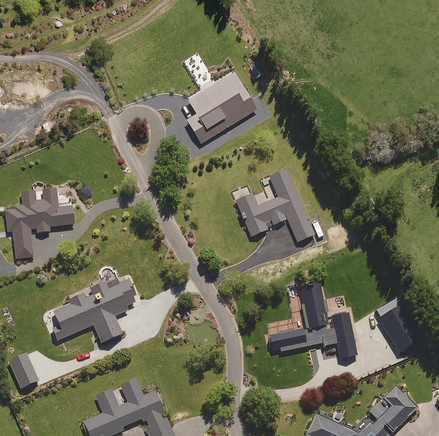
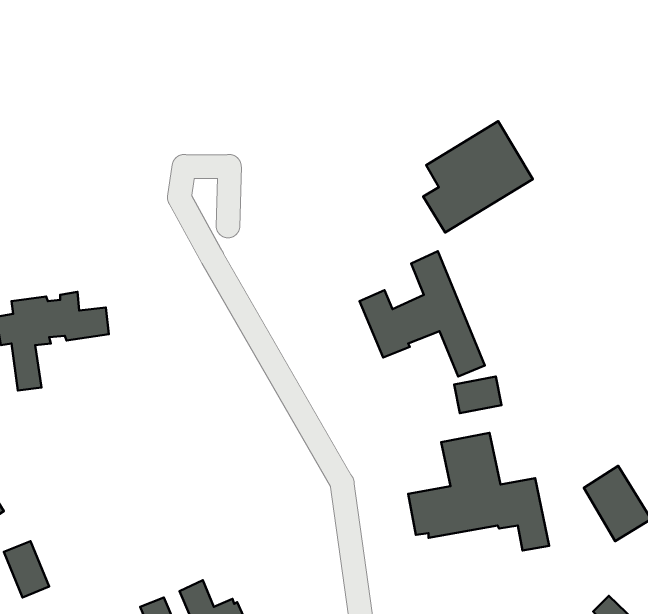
building: [186,72,256,143] -> [423,121,533,233]
building: none -> [454,376,501,413]
building: [51,278,135,343] -> none

